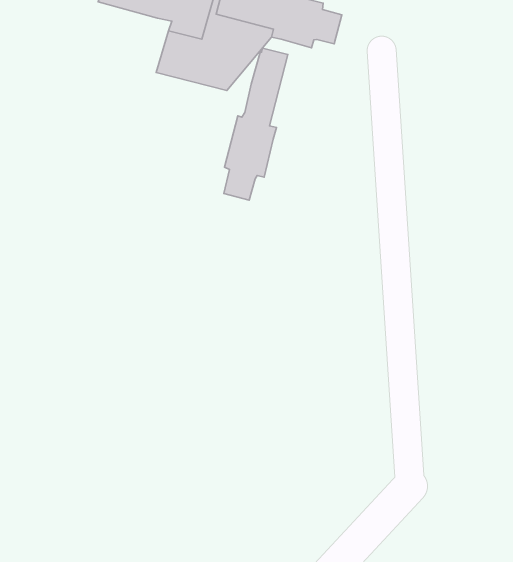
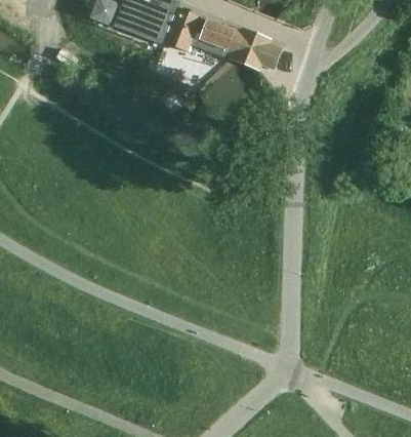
building: [224,48,288,200] -> none

